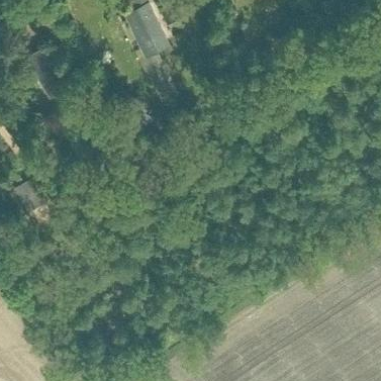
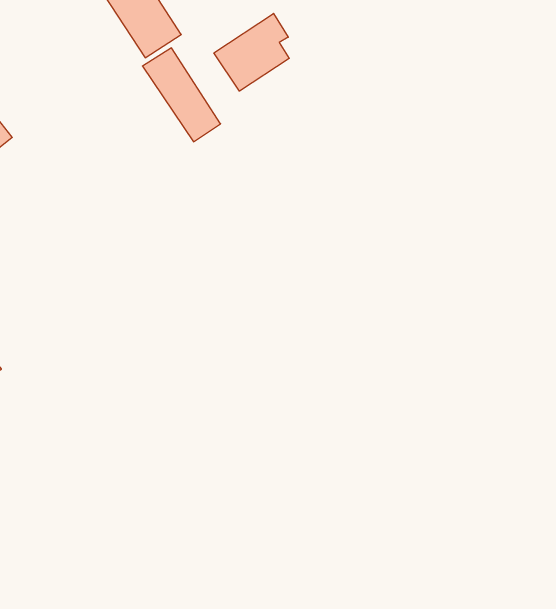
building: none -> [214,13,289,91]

